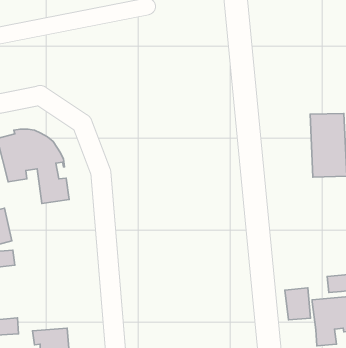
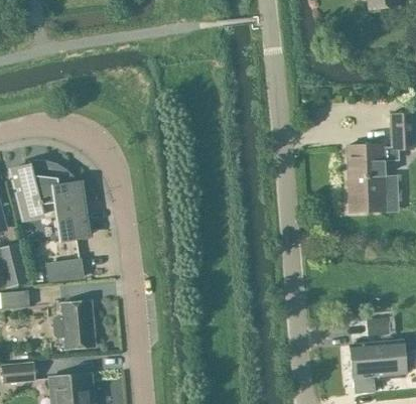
building: none -> [49,261,83,281]
building: none -> [52,301,95,350]
building: [285,288,310,320] -> none

